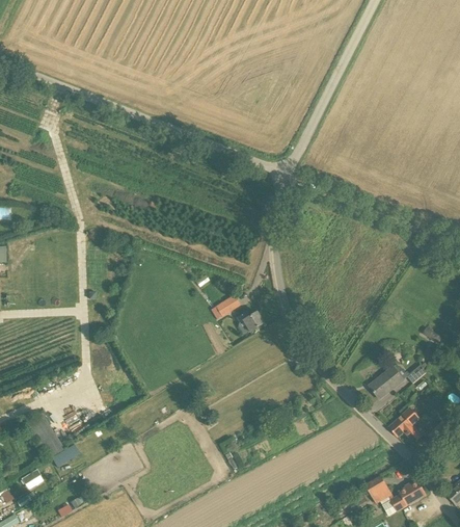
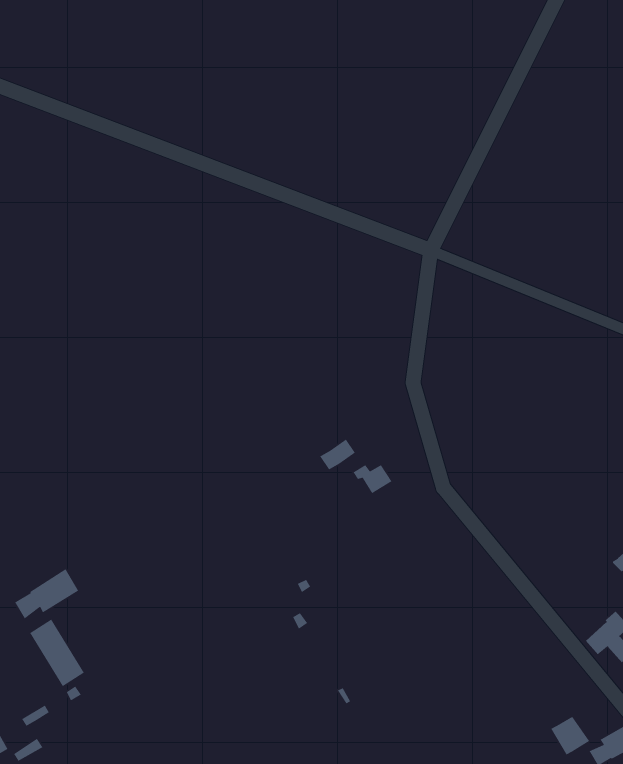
building: [368,366,404,399] -> none
building: none -> [14,568,79,620]

